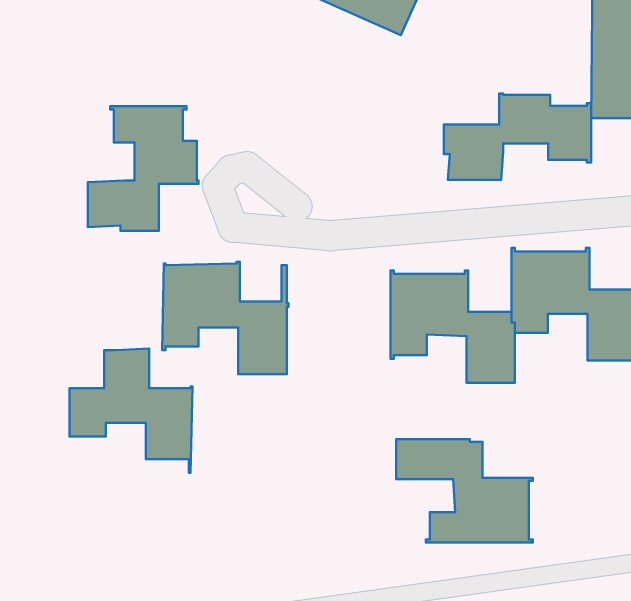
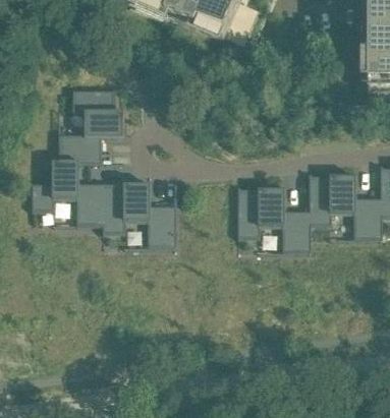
building: [444,94,591,180] -> none
building: [70,348,192,473] -> [33,160,105,233]
building: [396,439,533,542] -> none

